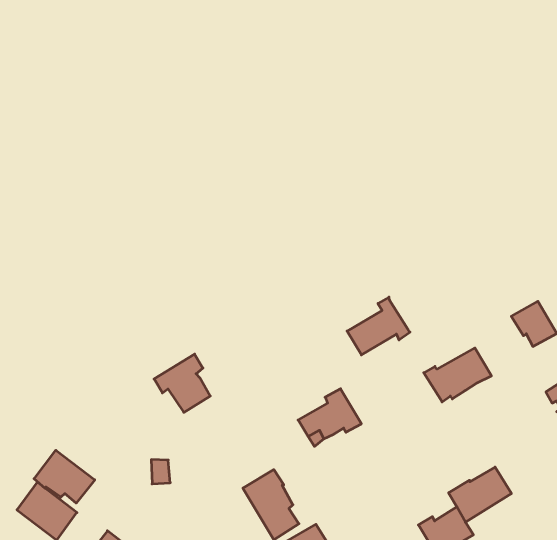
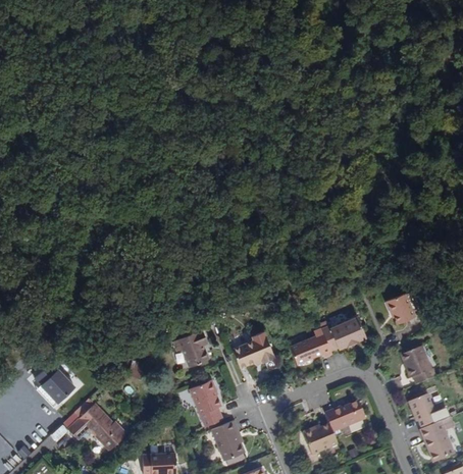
building: [347,297,410,355] -> [290,328,331,364]
building: [154,354,210,412] -> [172,328,208,366]
building: [34,450,95,503] -> none

